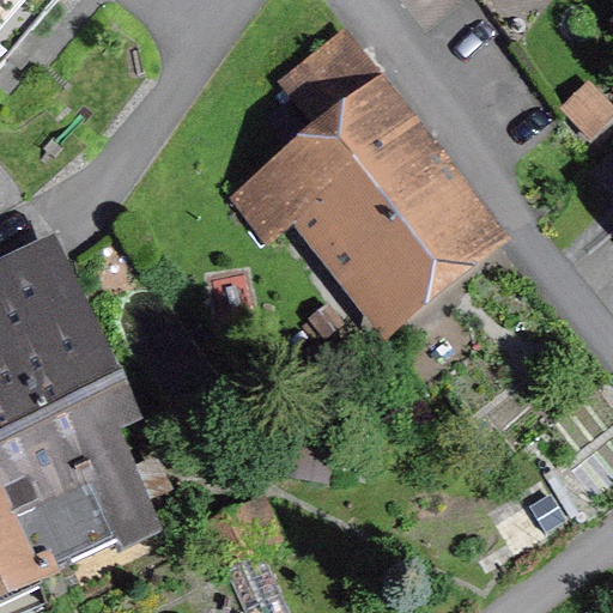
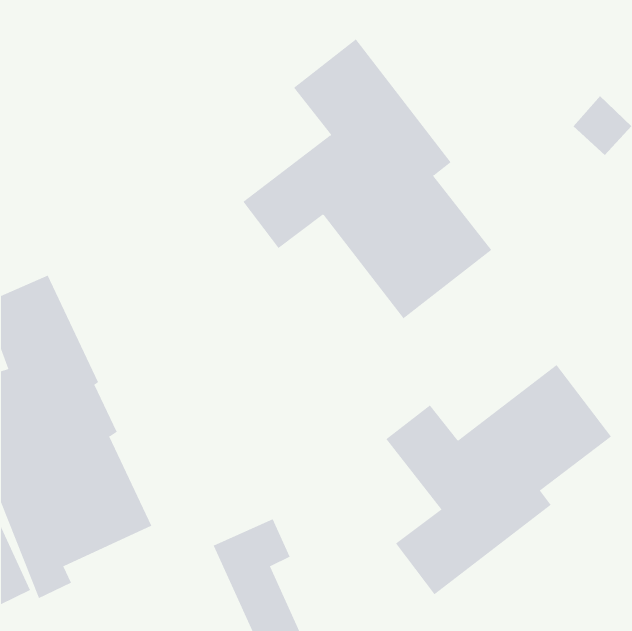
building: none -> [386,364,612,595]

